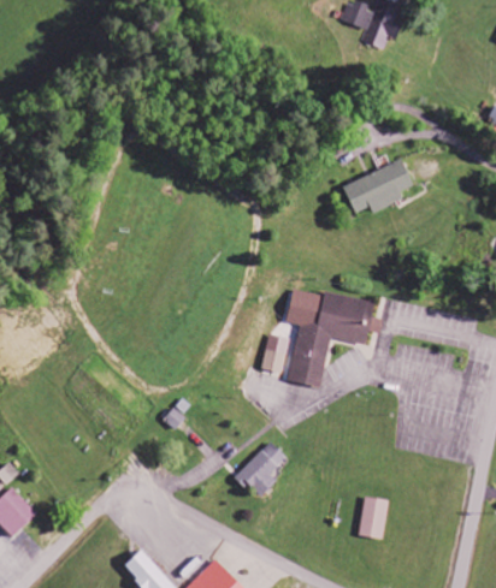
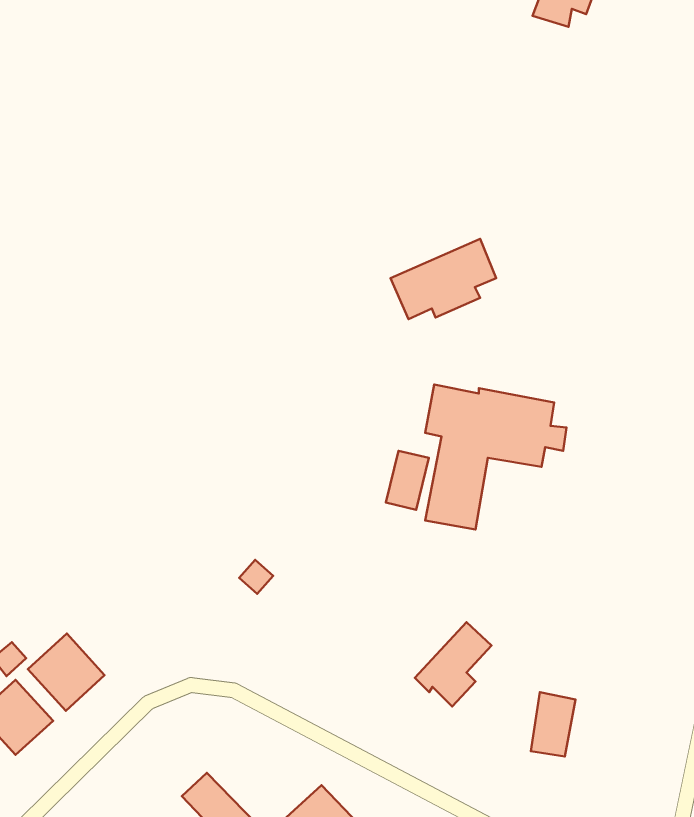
building: [342,159,413,213] -> [391,239,496,319]
building: [234,440,285,497] -> [415,622,492,706]
building: none -> [28,634,105,711]

